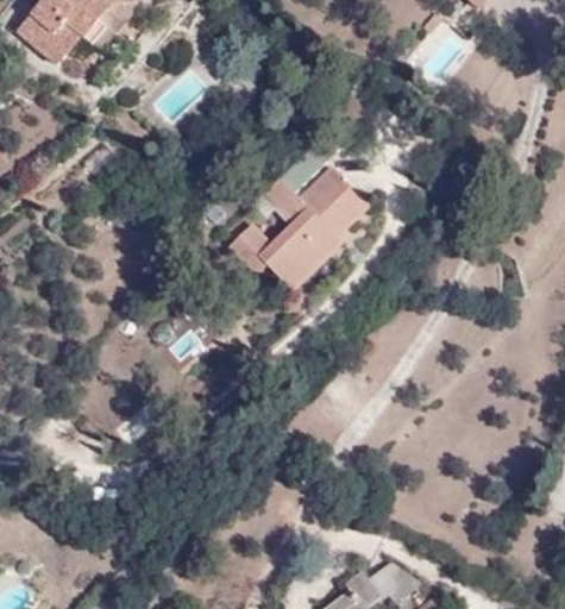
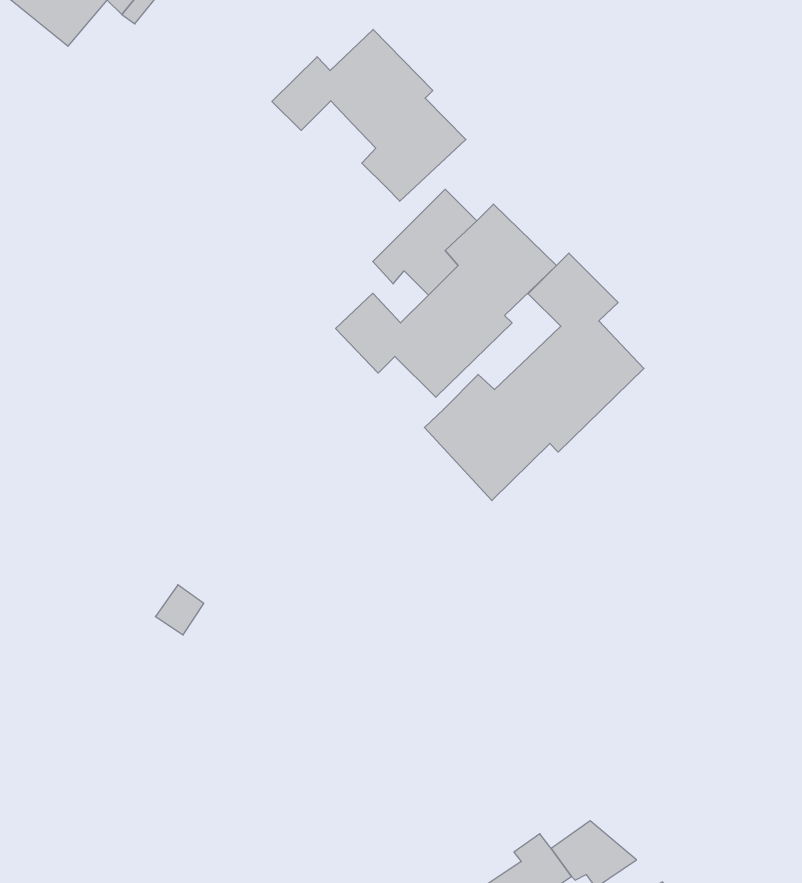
building: none -> [272,29,466,201]
building: none -> [424,253,644,501]

